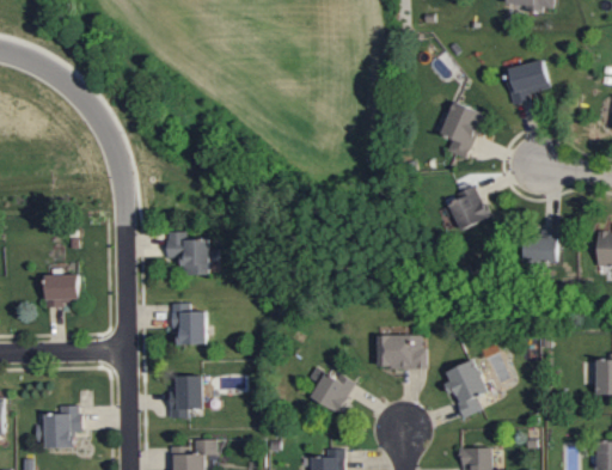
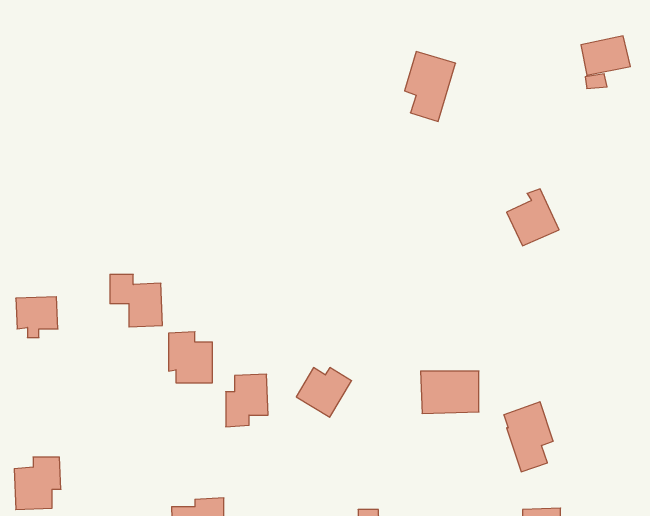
building: [441,102,483,159] -> [405,52,456,121]
building: [525,231,558,262] -> none
building: [166,232,209,275] -> [110,274,162,327]
building: [310,373,355,414] -> [296,368,352,417]
building: [169,376,203,419] -> [226,374,268,427]

